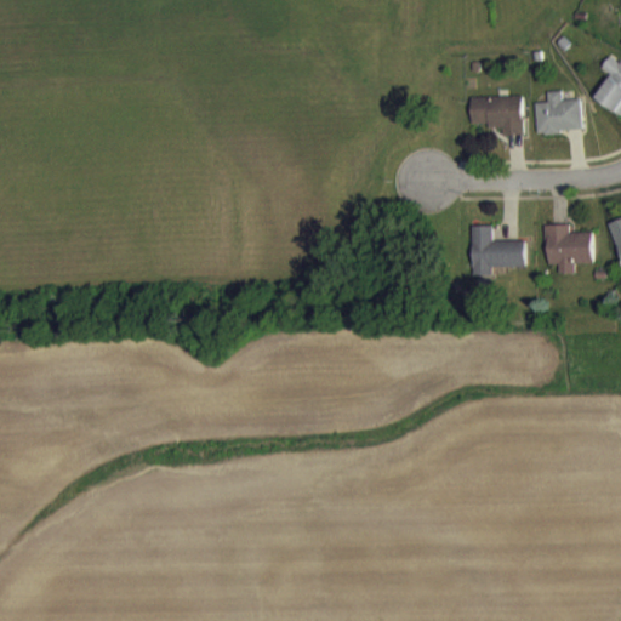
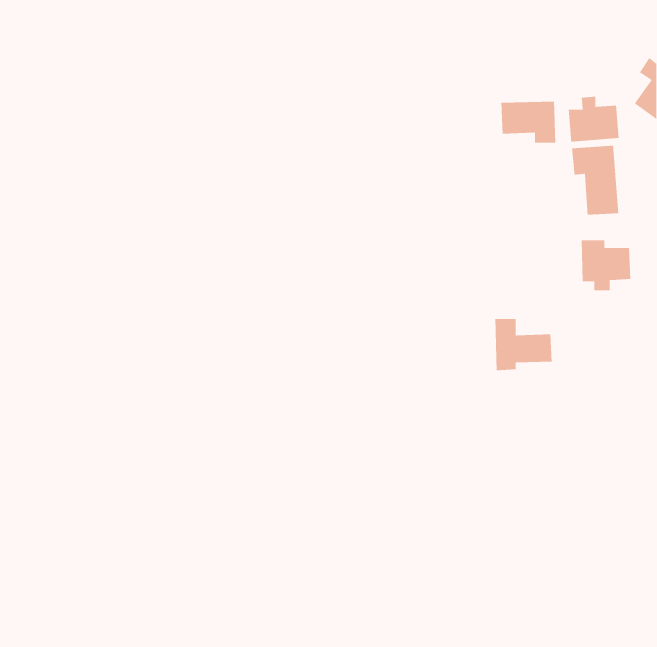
building: none -> [571,145,619,216]
building: [471,226,525,275] -> [494,318,553,371]

